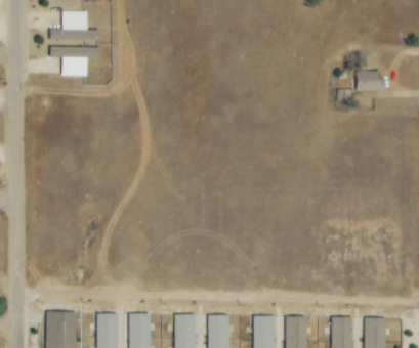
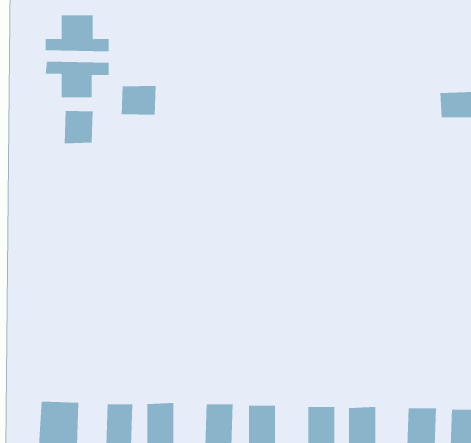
building: none -> [121,85,156,116]
building: none -> [64,110,93,144]

